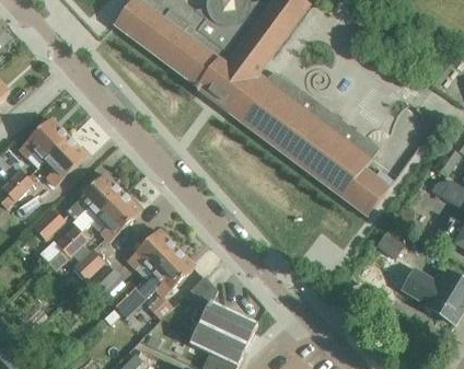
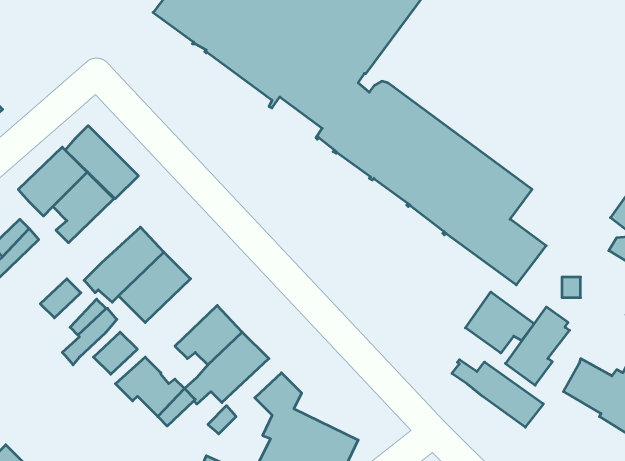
building: none -> [65,126,138,199]
building: none -> [465,292,534,353]
building: none -> [452,360,543,427]

